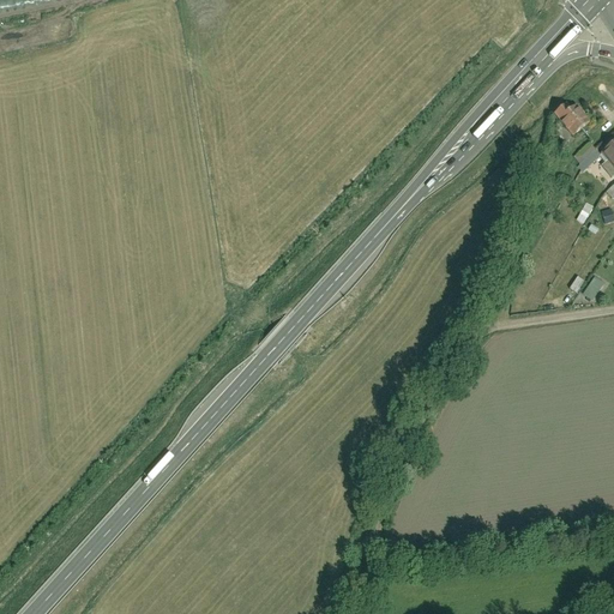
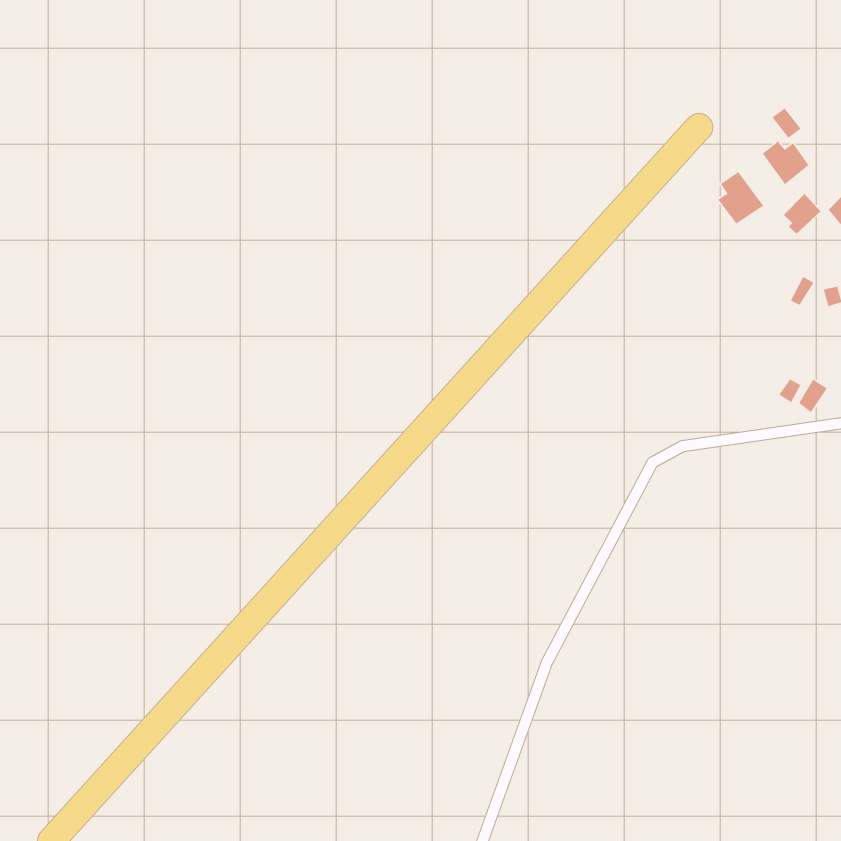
building: none -> [717,171,764,225]

